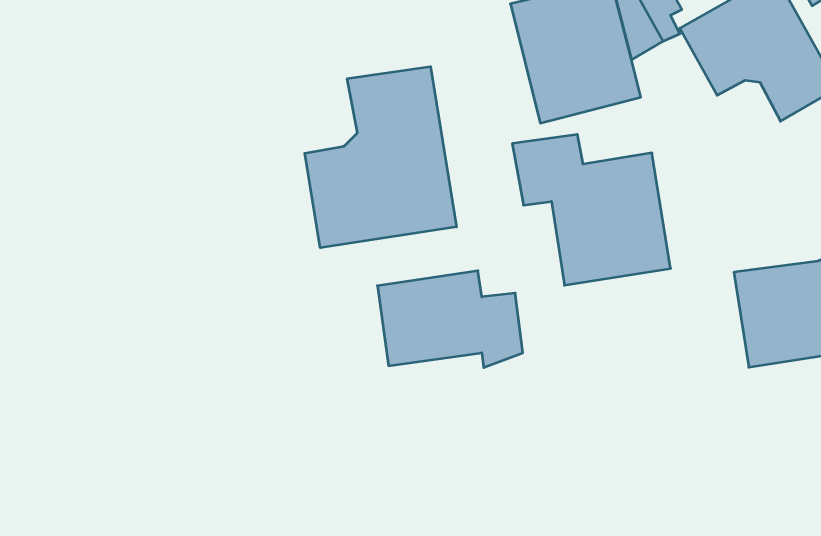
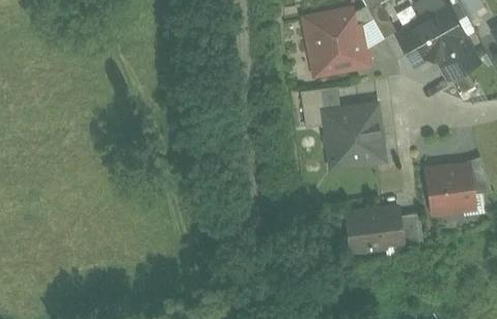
building: [305,67,456,248] -> none
building: [377,271,523,368] -> [342,200,423,254]

